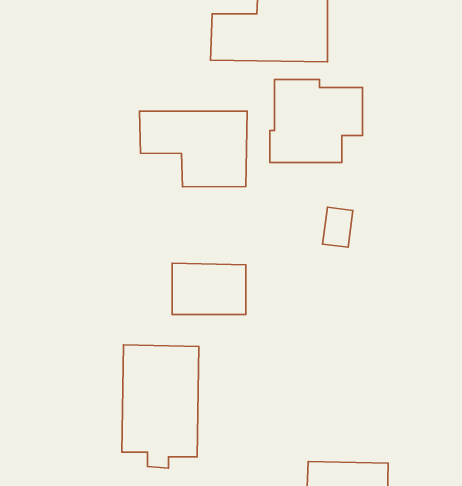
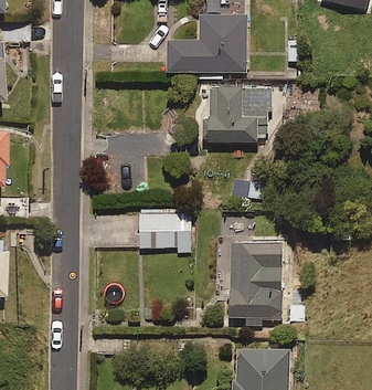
building: [140,111,247,187] -> none
building: [122,345,199,468] -> [228,243,281,328]

